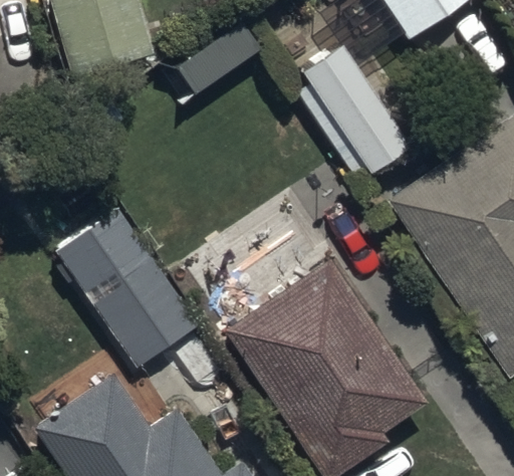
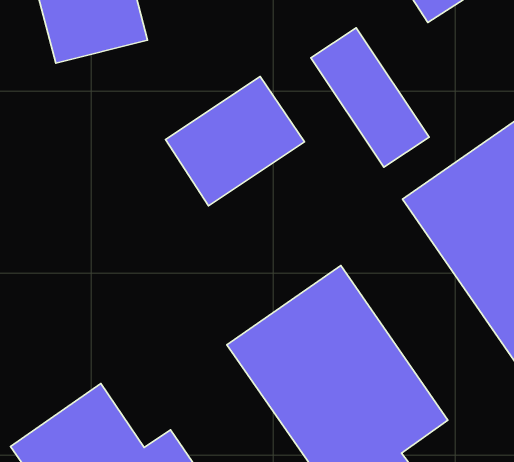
building: none -> [165,76,304,206]
building: [53,208,199,370] -> none

